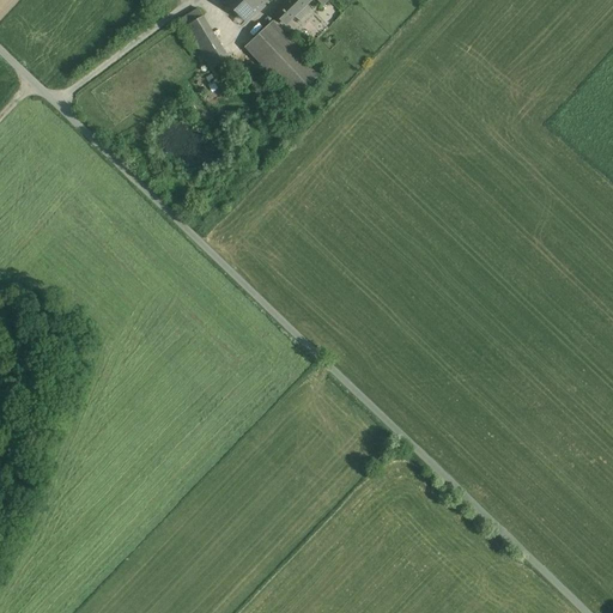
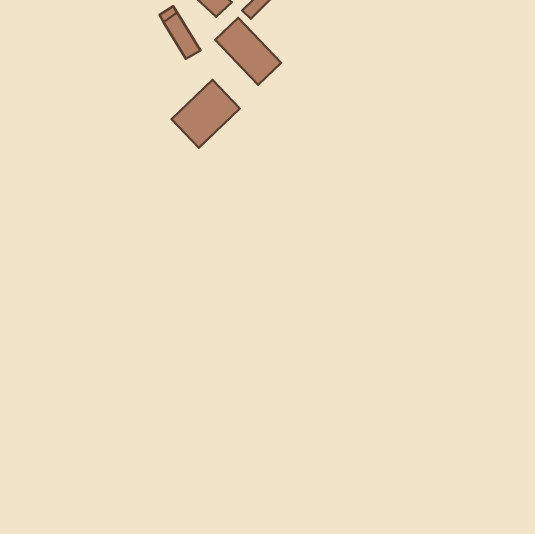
building: none -> [171,80,240,148]

